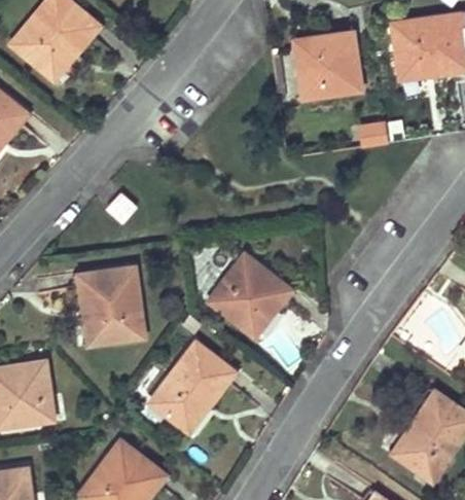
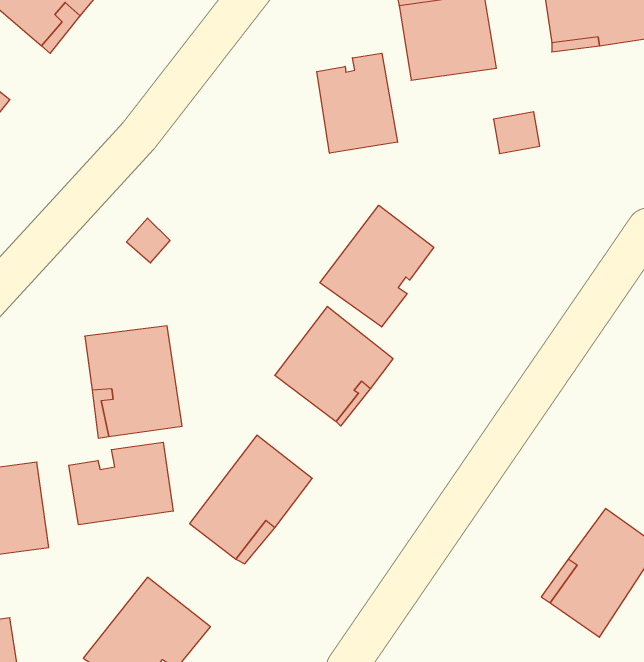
building: none -> [317,53,398,153]
building: none -> [320,205,434,327]
building: none -> [69,442,173,525]

